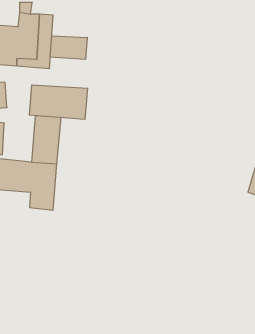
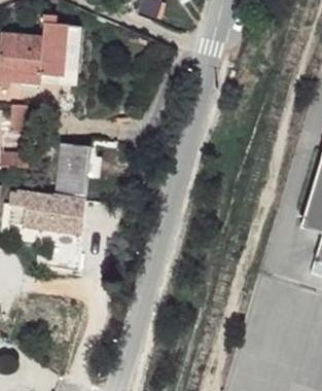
building: [50,36,87,59] -> none
building: [29,85,88,119] -> none

